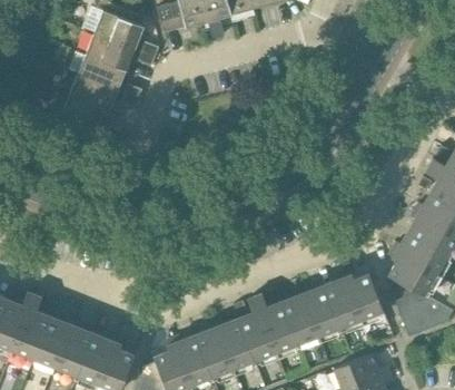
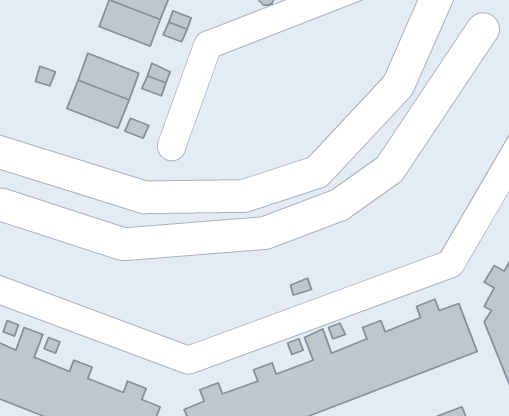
building: [78,55,127,91] -> none

